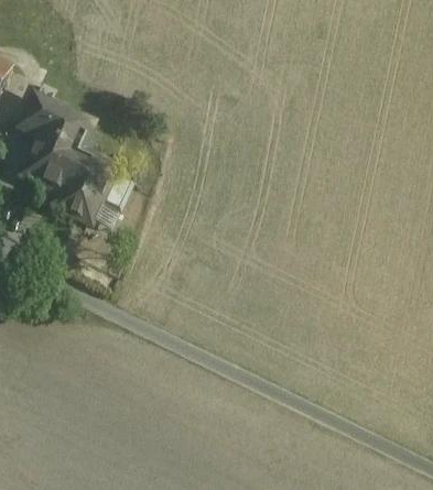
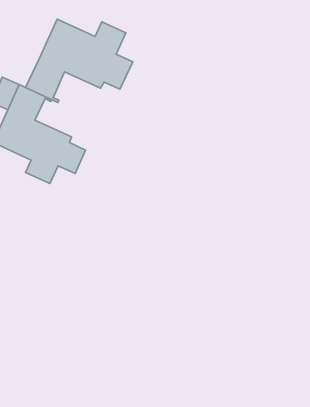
building: none -> [26,19,133,102]

